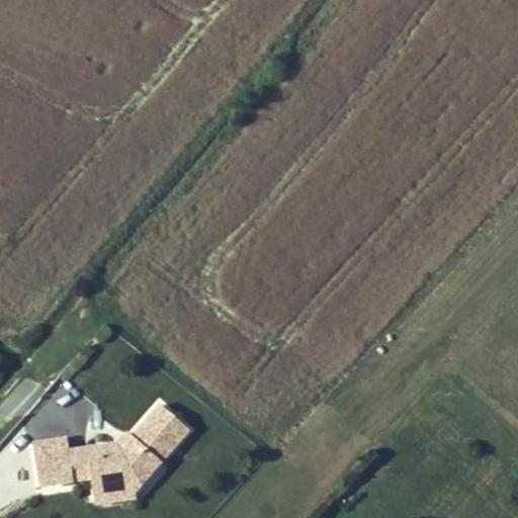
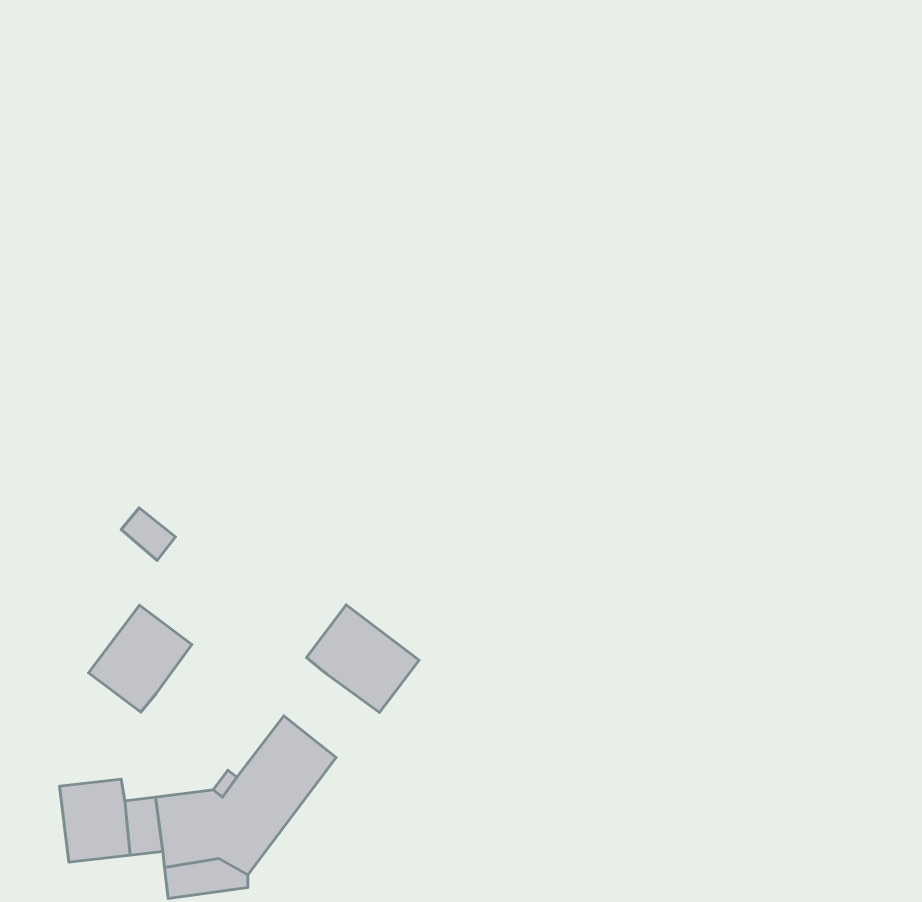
building: none -> [306,605,419,713]
building: none -> [88,605,192,712]

